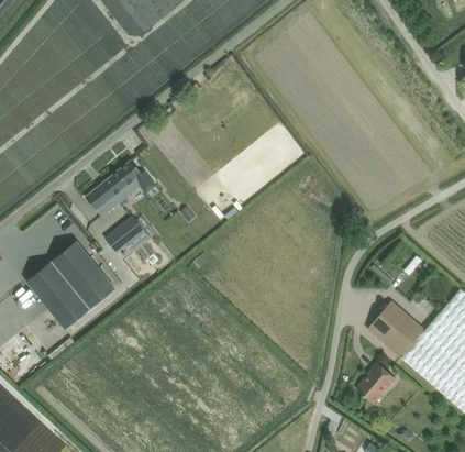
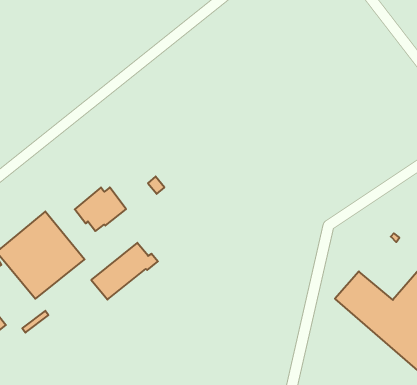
building: [85,159,152,217] -> [91,243,158,300]
building: [355,362,396,403] -> none

